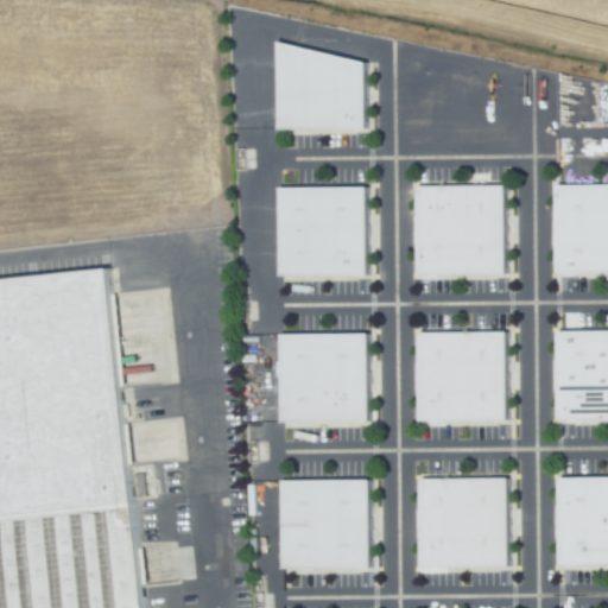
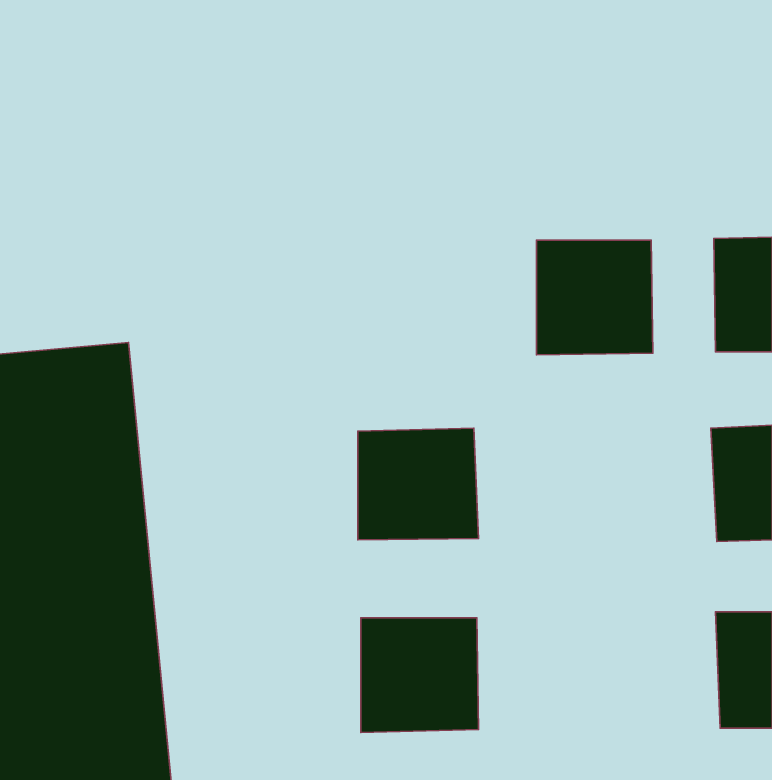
building: [266,39,368,135] -> none
building: [277,188,367,277] -> none
building: [418,332,508,422] -> none
building: [418,481,509,568] -> none

